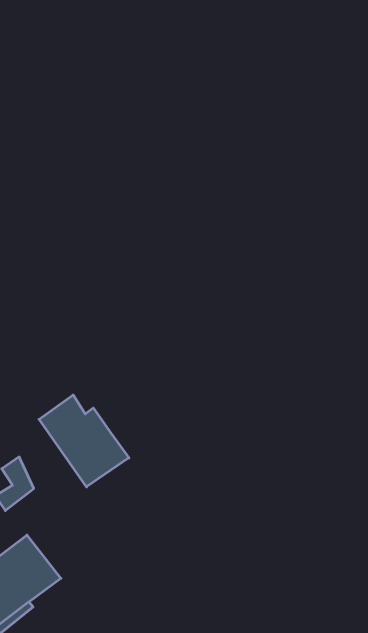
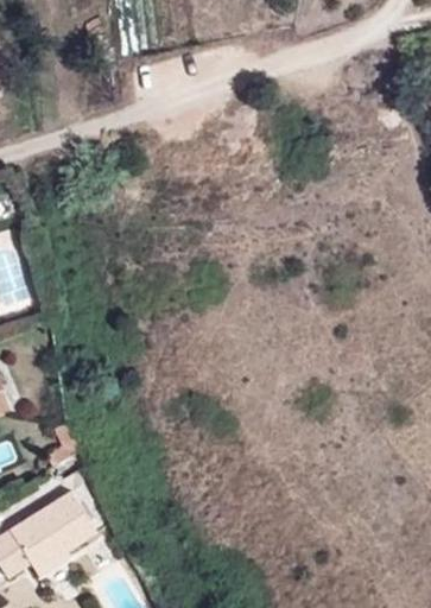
building: [39,395,129,487] -> none

